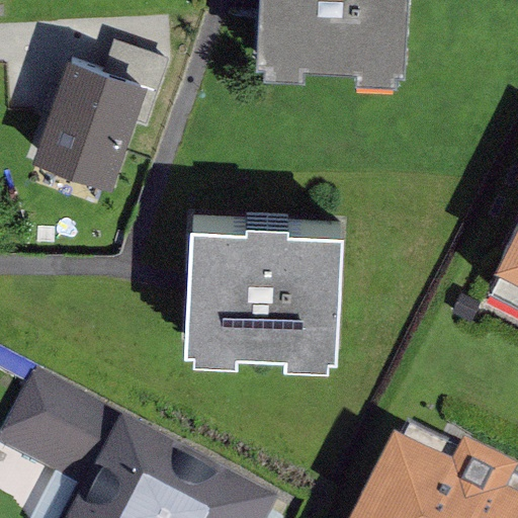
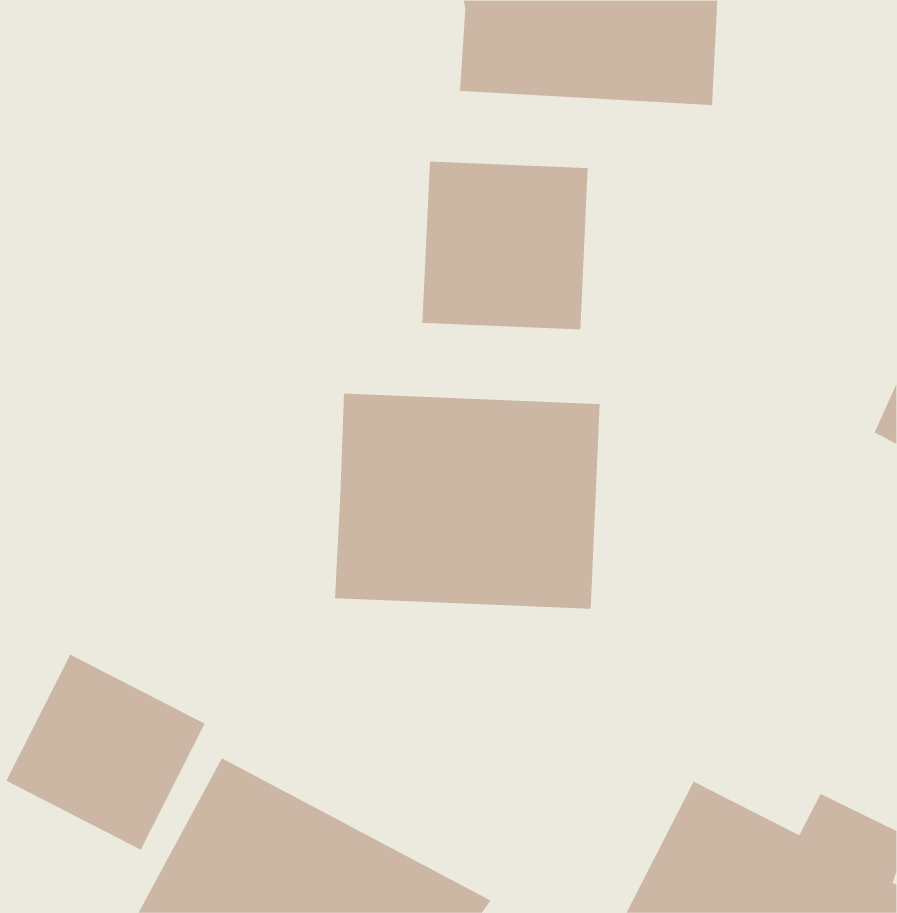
building: [24,40,160,179] -> none
building: none -> [422,161,588,330]

